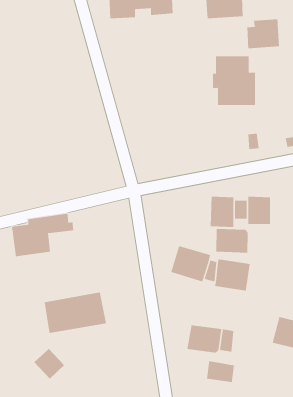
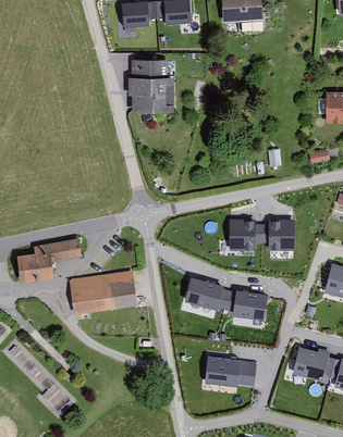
building: [247,19,279,49] -> none
building: [212,56,256,106] -> [128,62,175,115]
building: [216,228,248,253] -> none
building: [44,292,107,333] -> [70,267,137,312]
building: [206,360,234,383] -> none

